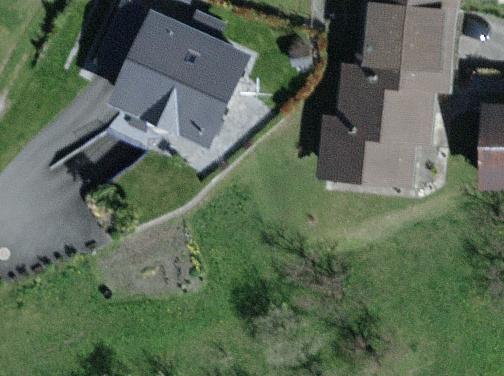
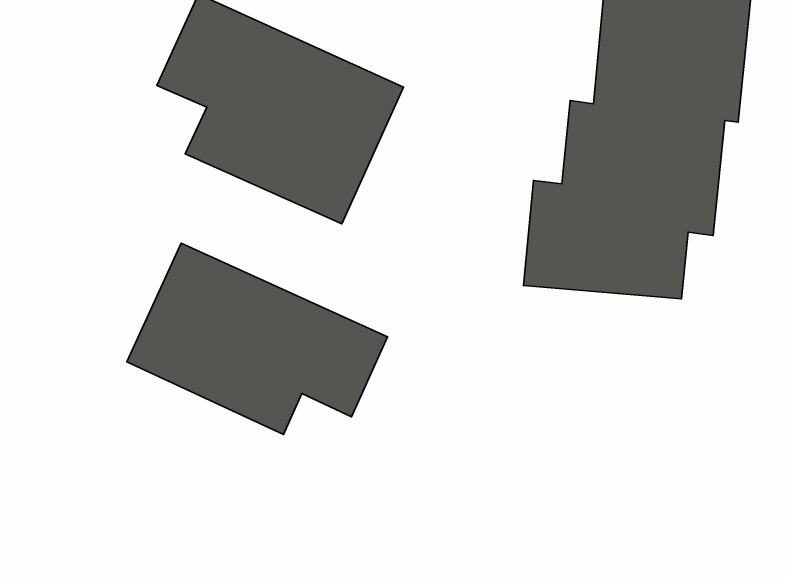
building: none -> [127,243,388,434]

